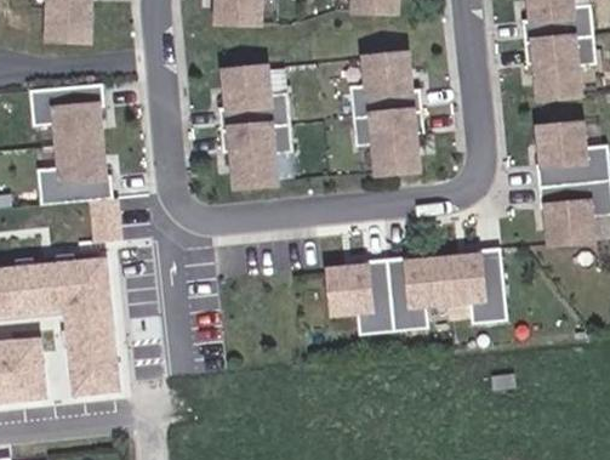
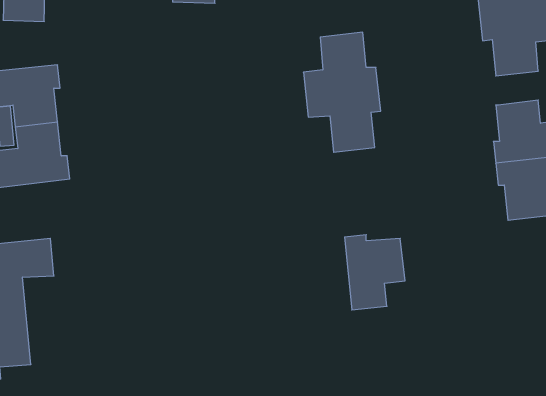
building: [218,66,295,186] -> none
building: [444,244,509,322] -> none
building: [331,256,395,333] -> none
building: [65,295,106,384] -> none

